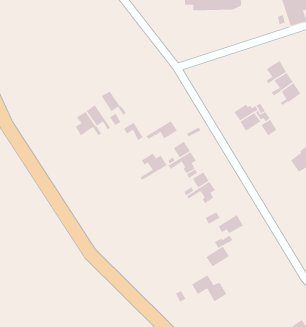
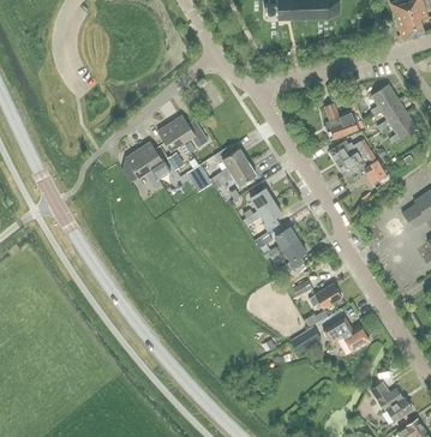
building: none -> [324,102,358,139]
building: none -> [169,114,209,146]
building: [140,153,168,181] -> [212,145,249,181]
building: [191,274,227,302] -> [323,316,370,352]
building: none -> [370,381,412,420]

